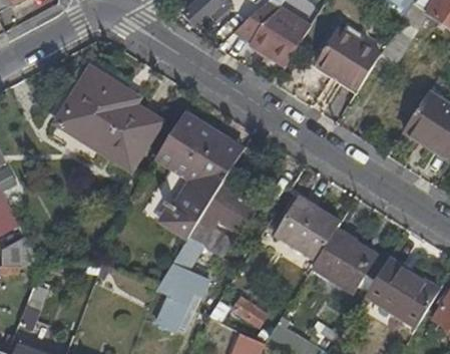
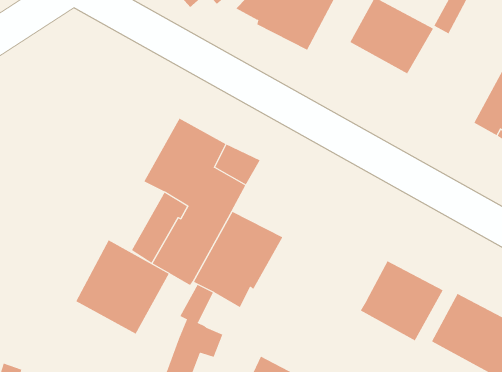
building: [55,69,153,163] -> none
building: [273,195,338,258] -> none
building: none -> [76,240,170,334]

